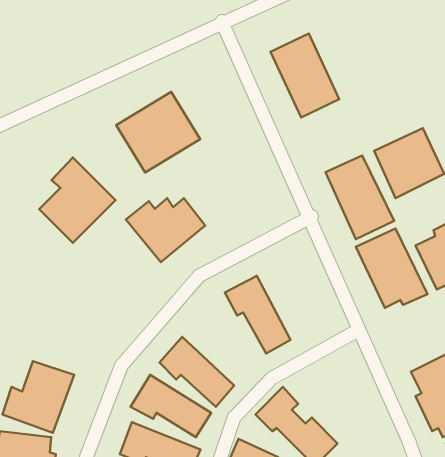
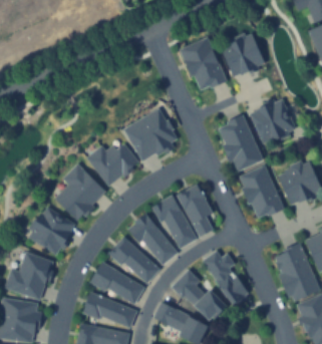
building: none -> [220,33,265,77]
building: [116,92,200,173] -> [122,107,178,160]
building: [39,157,115,243] -> [54,163,104,220]
building: none -> [177,185,213,237]
building: none -> [28,207,73,253]
building: none -> [131,214,177,264]
building: none -> [203,251,246,305]

